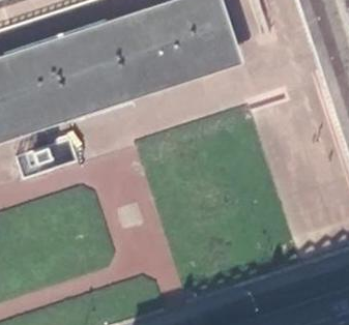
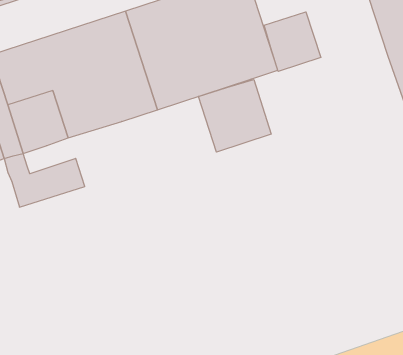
building: none -> [264,12,321,71]
building: none -> [198,80,271,152]

